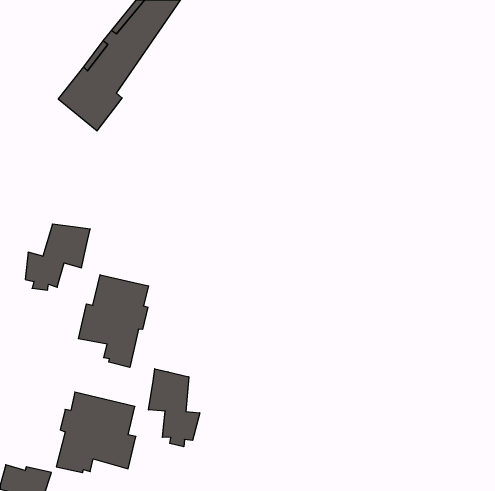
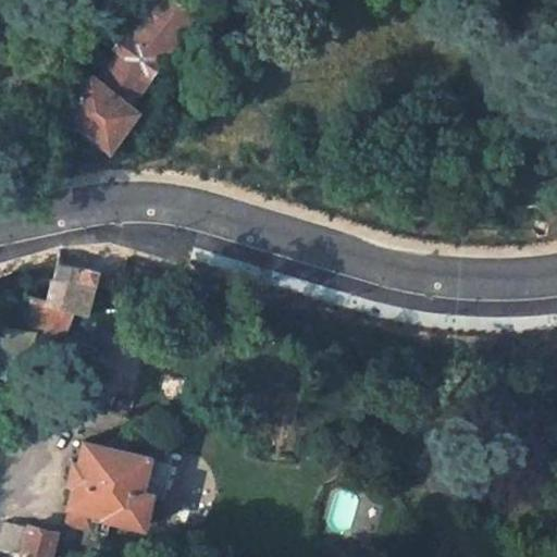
building: [78,275,149,367] -> none
building: [149,369,200,447] -> none

